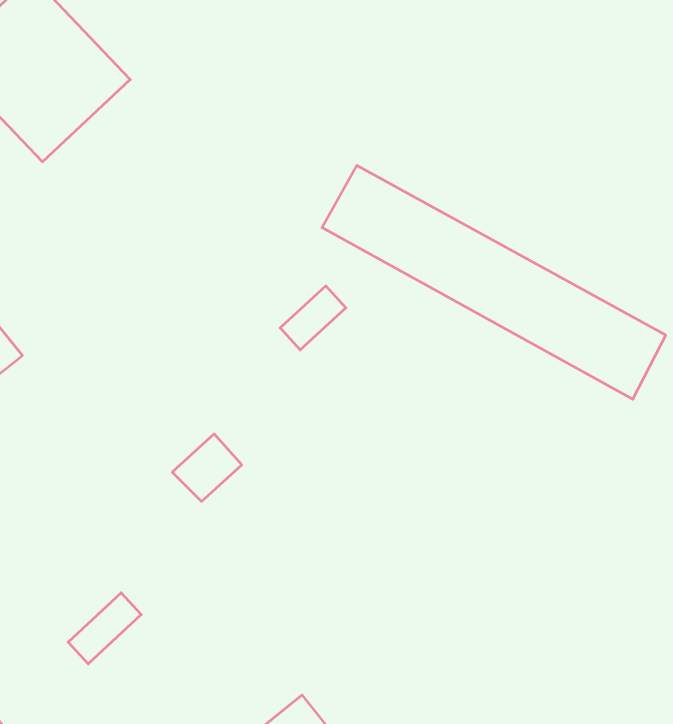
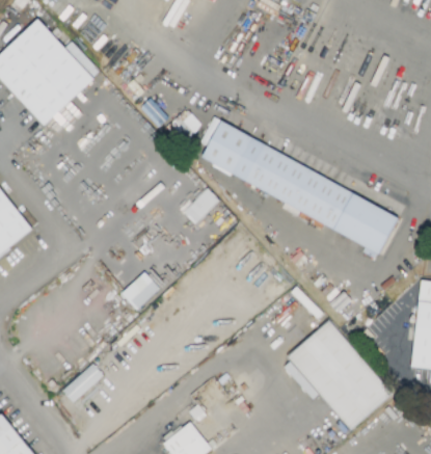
building: none -> [289,321,395,430]

